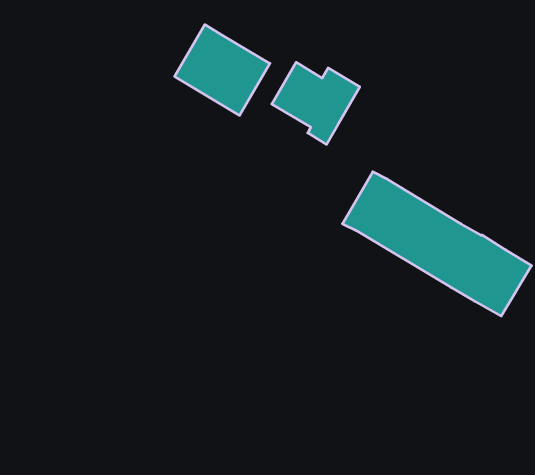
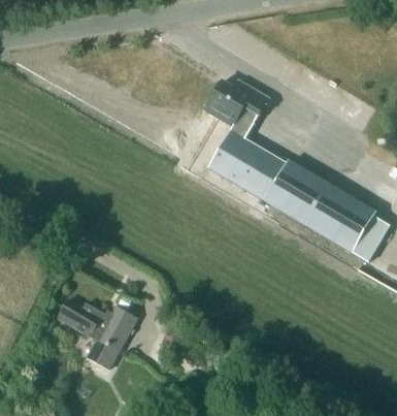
building: [175,25,270,115] -> [208,130,276,195]
building: none -> [57,298,136,369]

